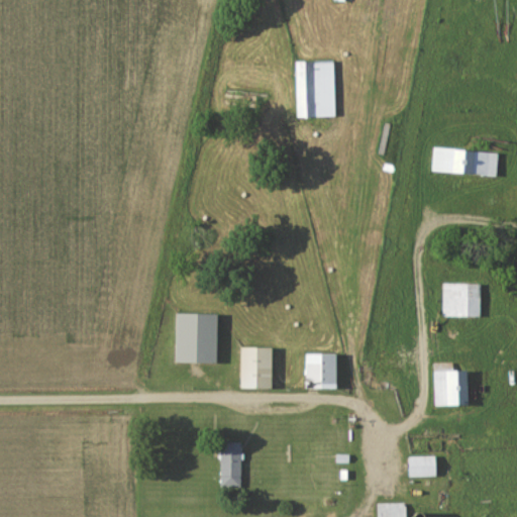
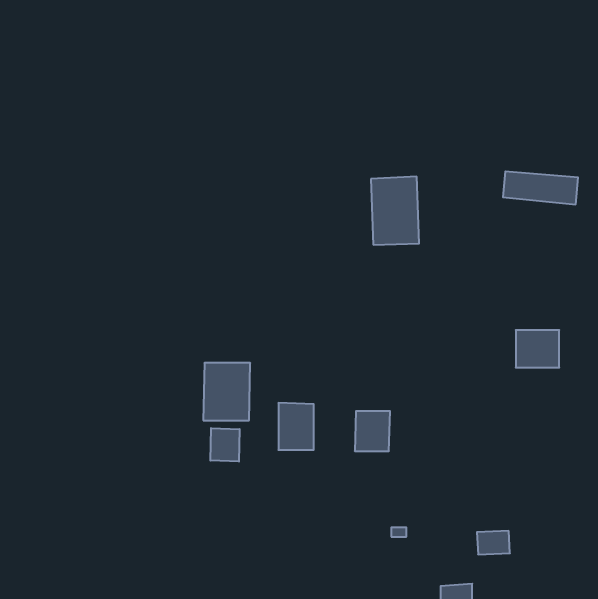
building: [295,61,336,119] -> [371,177,419,245]
building: [433,363,470,406] -> none
building: none -> [210,428,240,462]
building: [220,443,241,488] -> none

